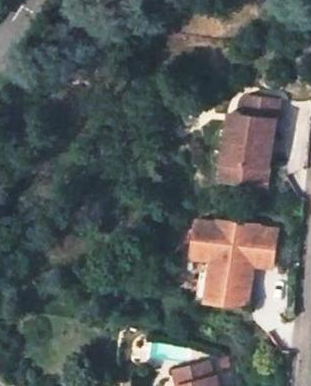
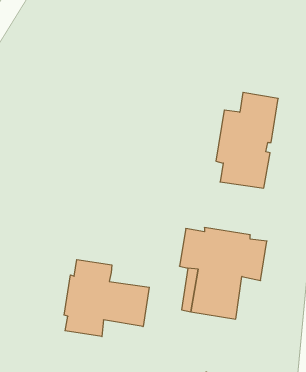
building: none -> [64,260,149,337]

